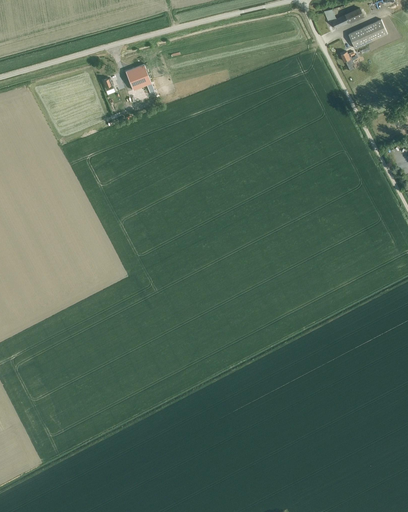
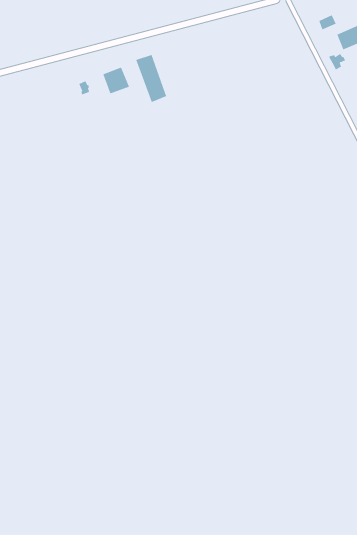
building: none -> [136,54,167,103]

